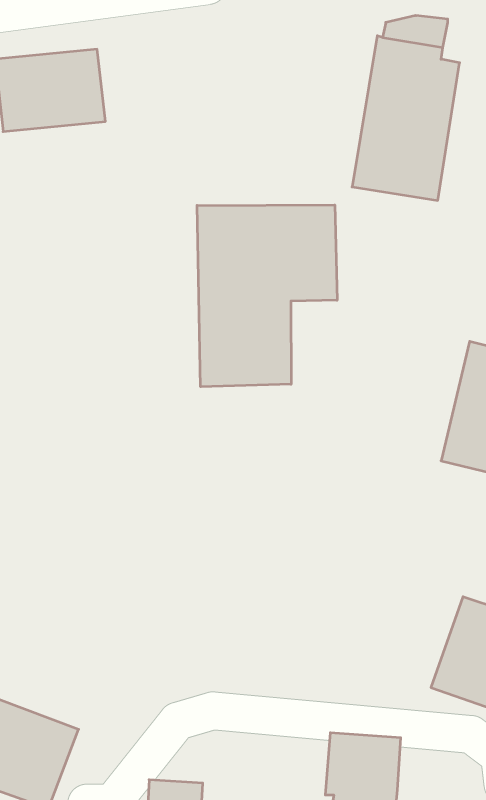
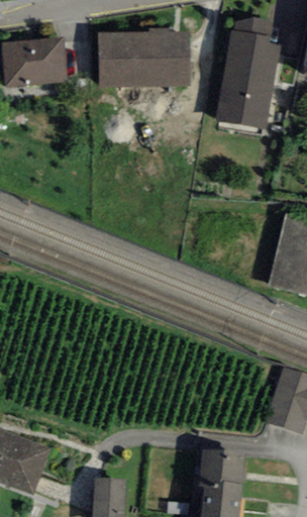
building: none -> [98,31,190,86]
building: [197,205,337,387] -> none

